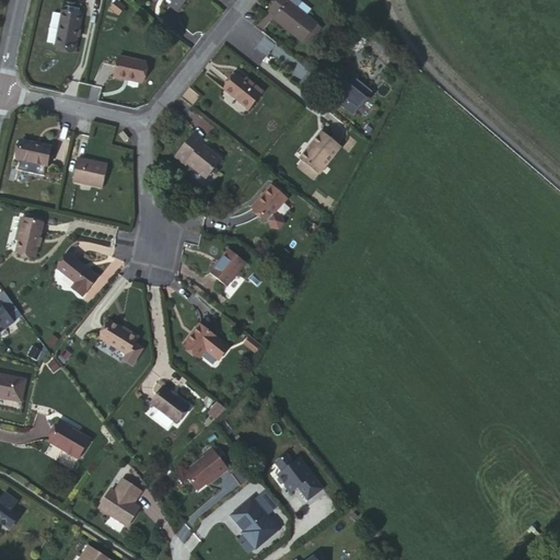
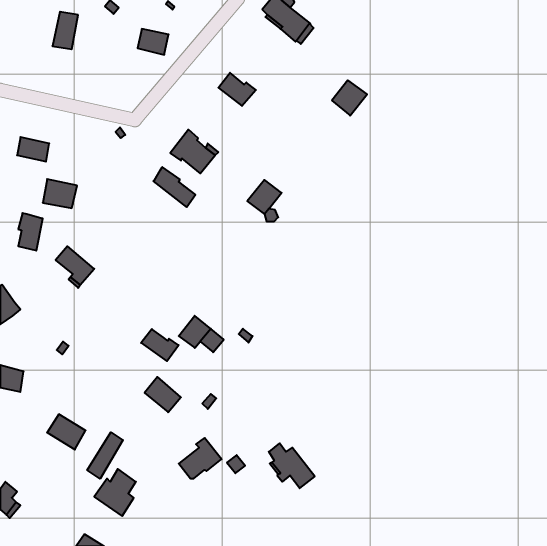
building: [114,55,145,81] -> [138,29,169,55]
building: [298,129,336,171] -> none
building: [72,156,107,186] -> [43,179,77,208]
building: none -> [153,167,195,207]
building: [208,248,243,284] -> none
building: [100,318,138,351] -> [141,329,179,361]
building: none -> [87,432,123,479]
building: [230,498,278,548] -> none

